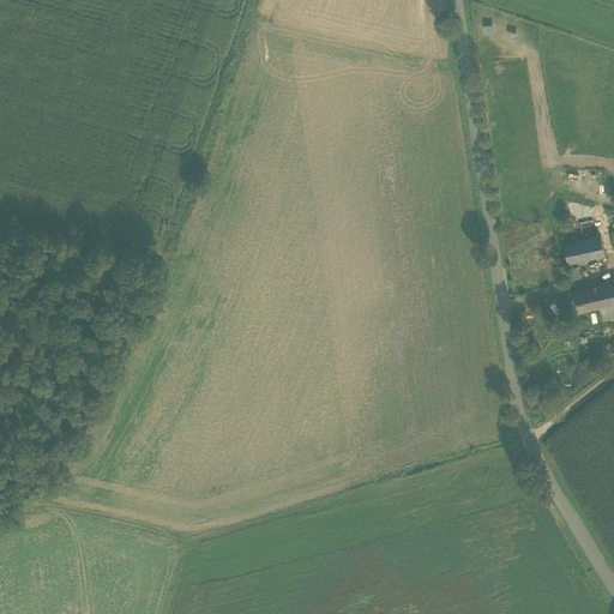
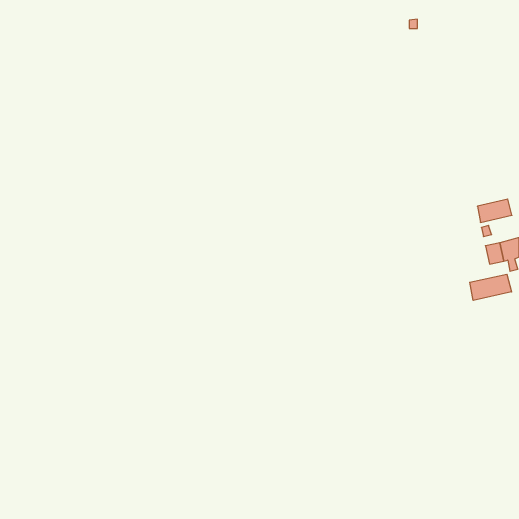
building: none -> [470,274,512,300]

